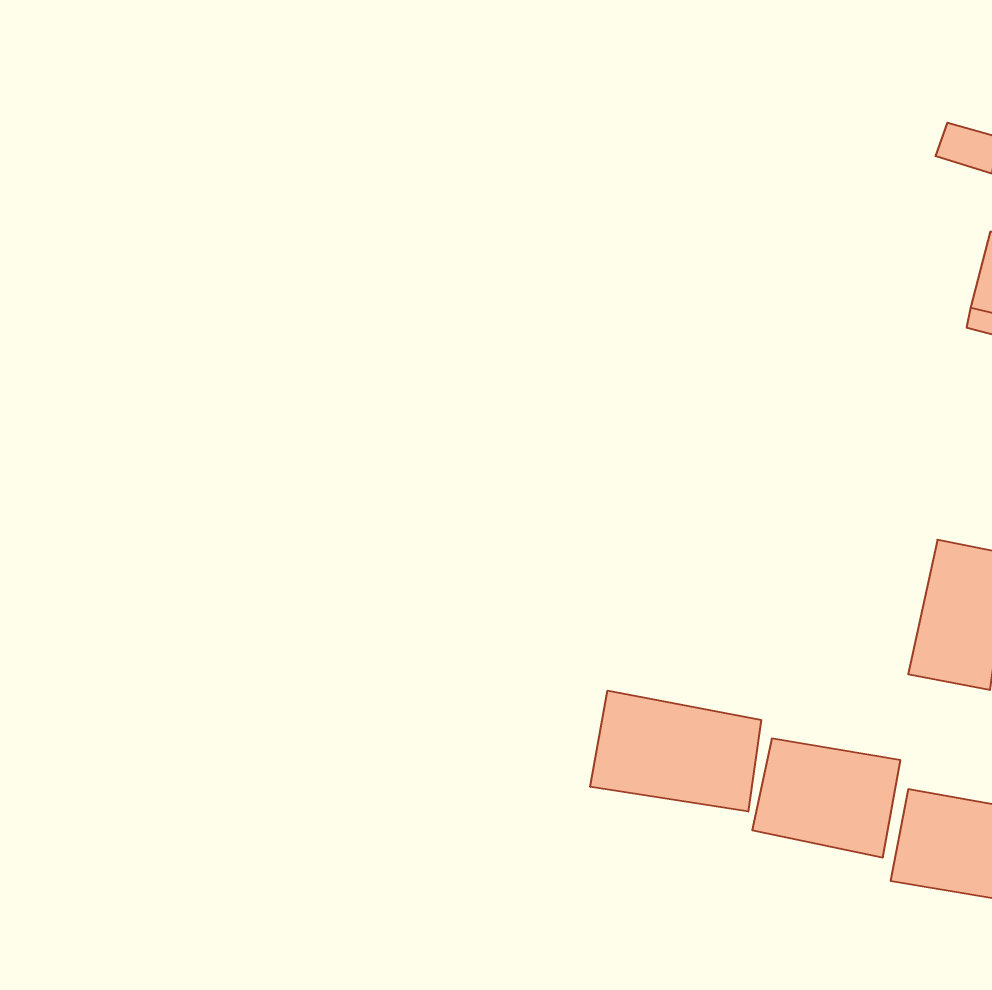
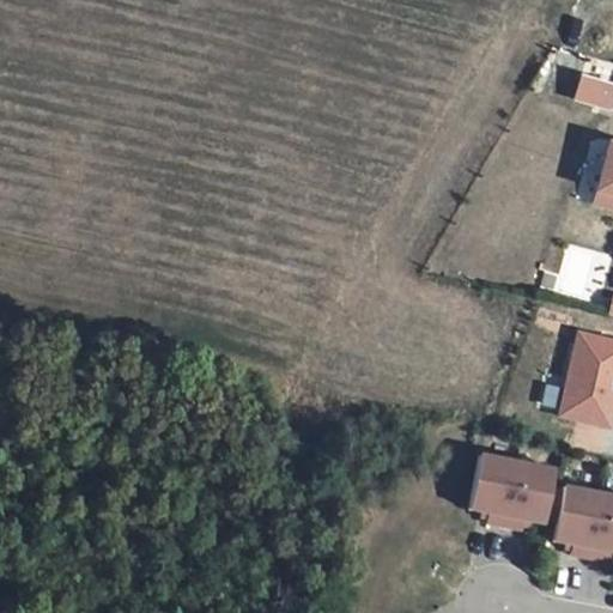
building: [590,691,761,812] -> none

